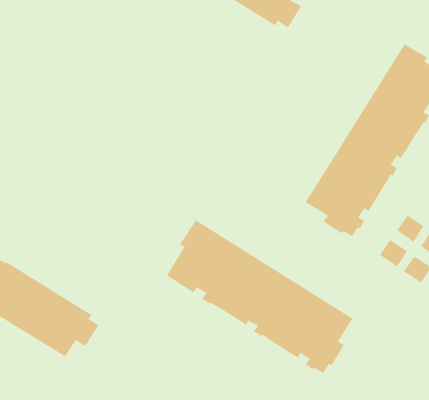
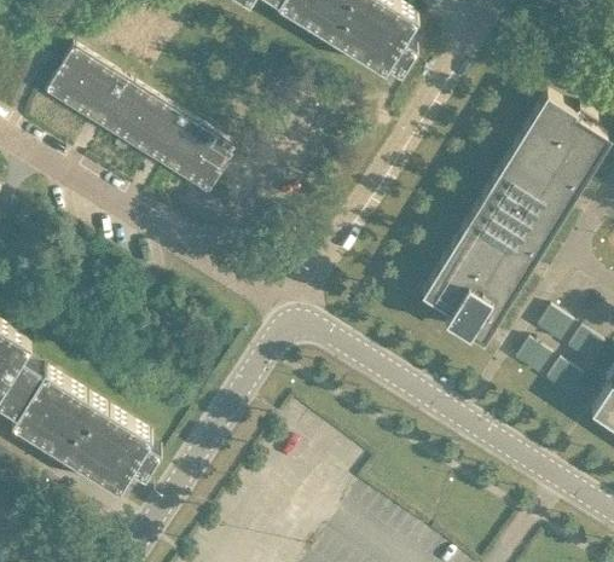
building: none -> [44,48,237,197]
building: [166,220,353,374] -> none

